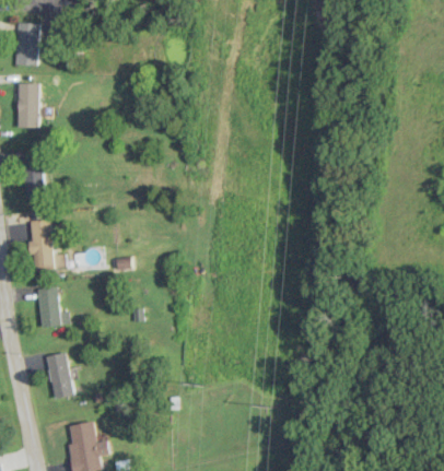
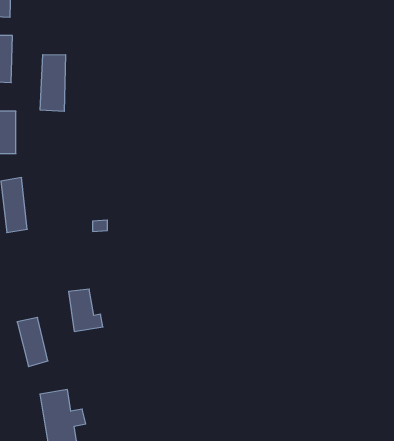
building: none -> [40,55,66,111]
building: [36,286,69,327] -> [69,289,103,331]

